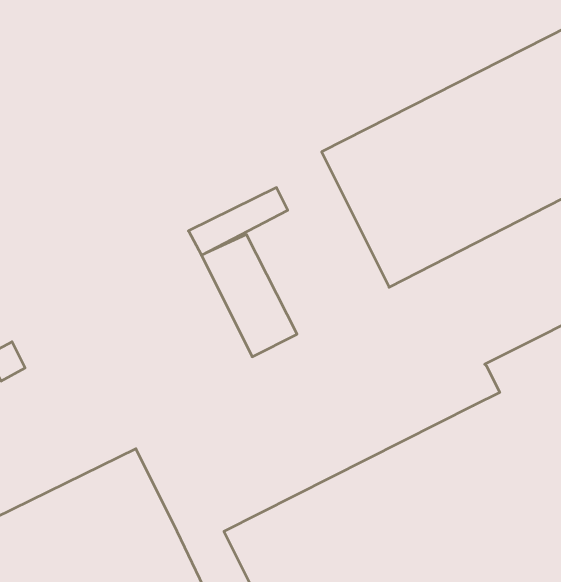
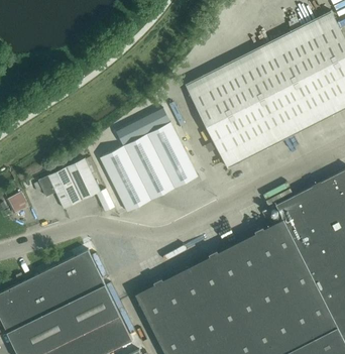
building: none -> [147,123,198,189]
building: none -> [100,146,150,213]
building: none -> [38,159,100,209]

